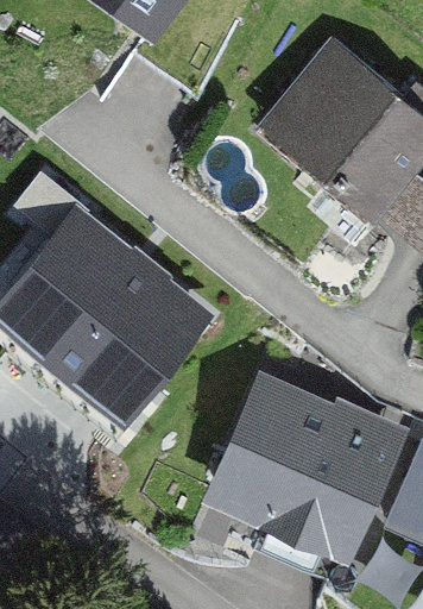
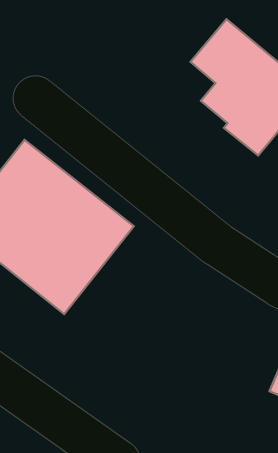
building: [219,393,389,553] -> none

